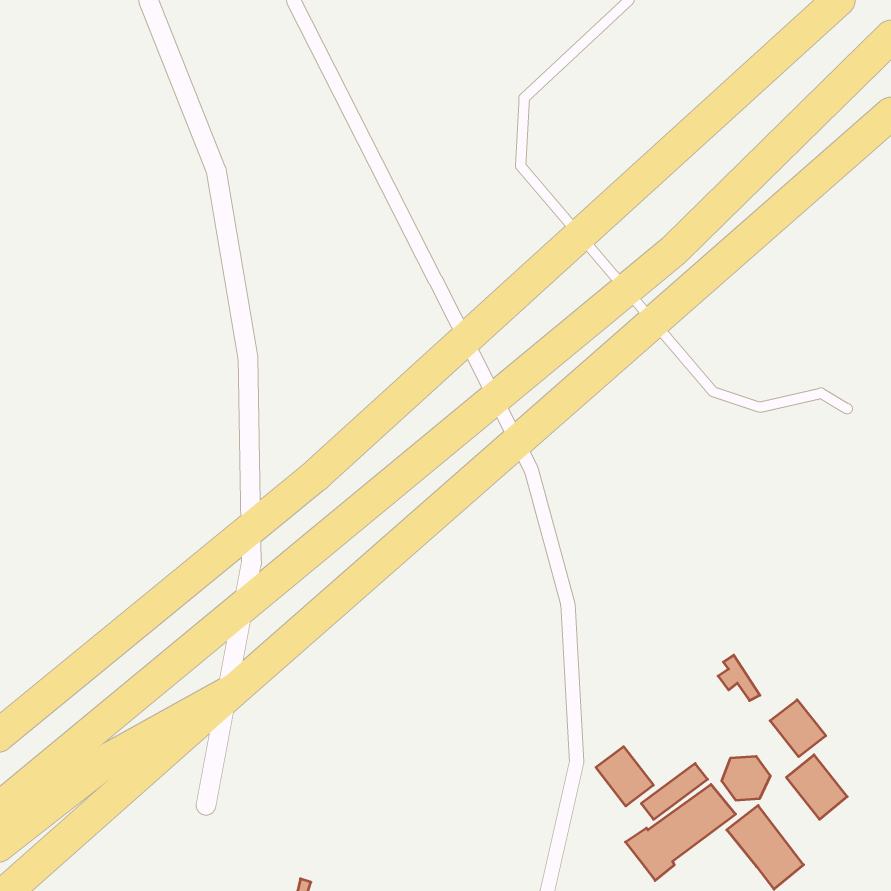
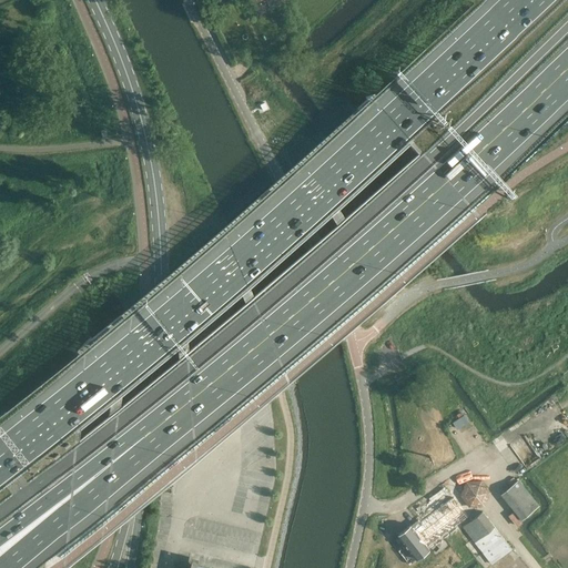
building: [770,700,826,757] -> none
building: [596,747,653,806] -> none

